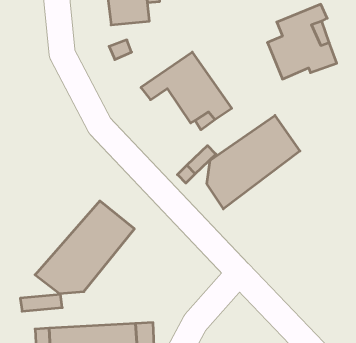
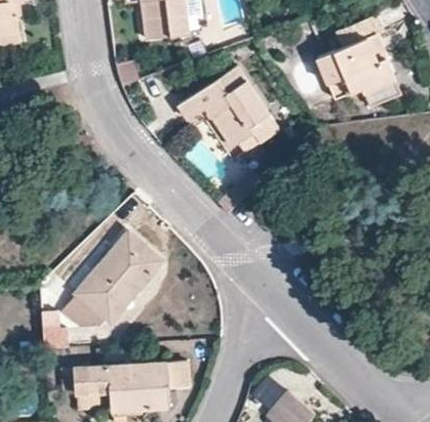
building: [207,115,300,209] -> none

